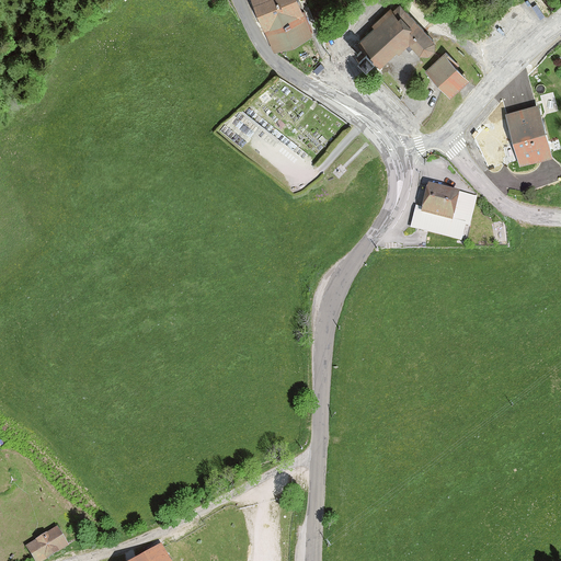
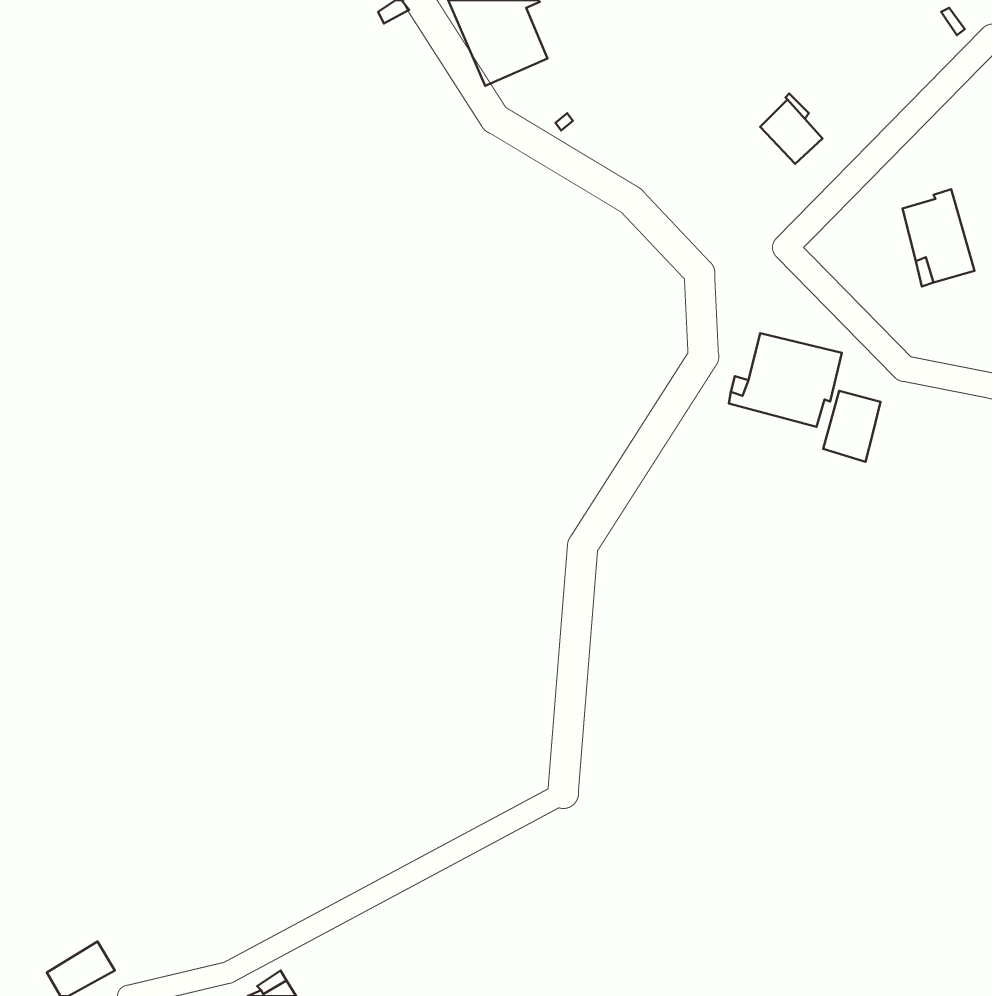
building: [355,4,432,66] -> none
building: none -> [823,391,881,462]

